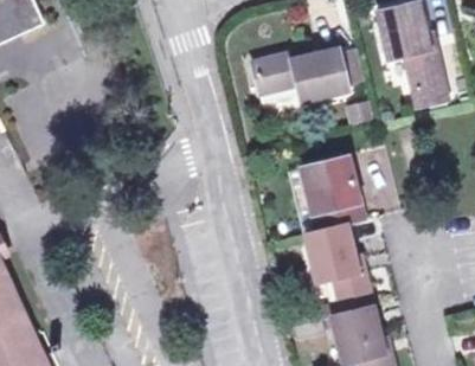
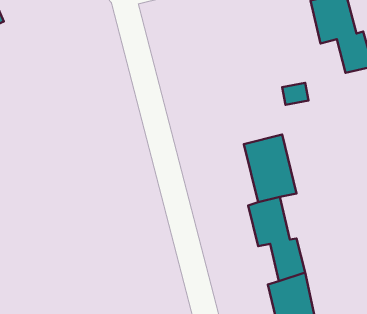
building: [250,44,341,96] -> none

